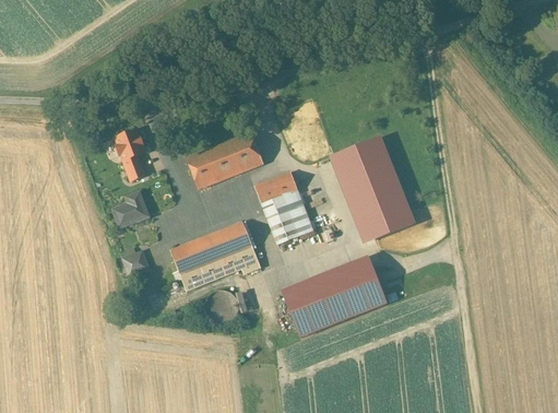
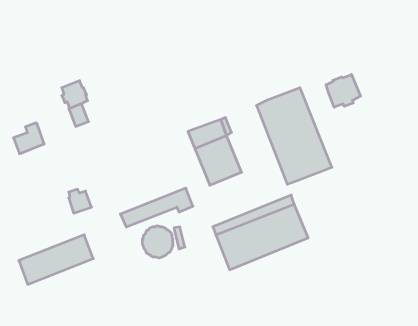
building: none -> [326,74,361,107]
building: [187,132,262,188] -> none
building: [114,192,147,226] -> [13,123,44,154]
building: [170,221,252,275] -> [19,235,93,284]

